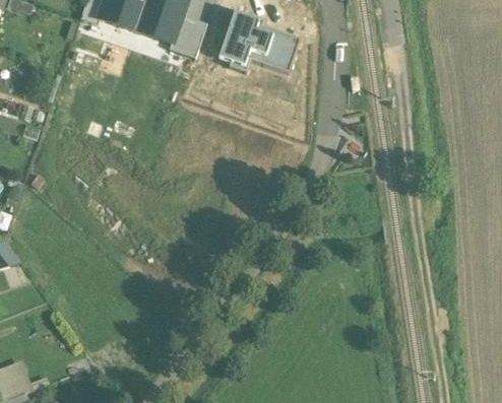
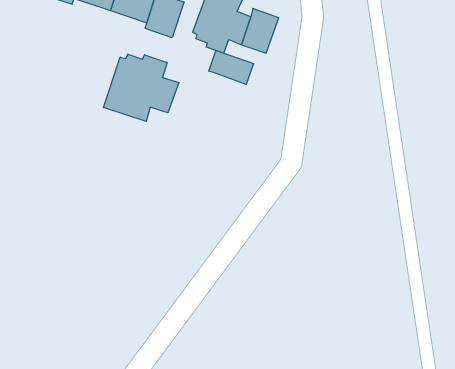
building: none -> [209,51,254,85]
building: none -> [103,54,179,121]

